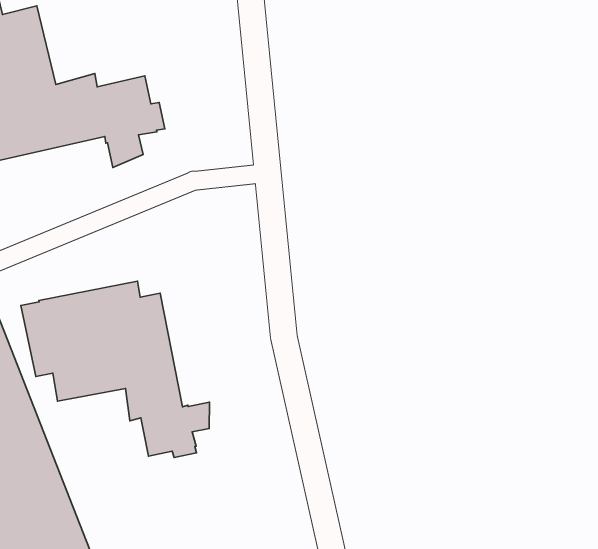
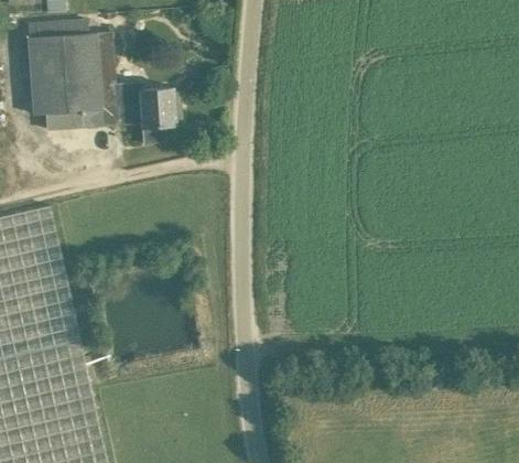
building: [21,281,209,457] -> none

